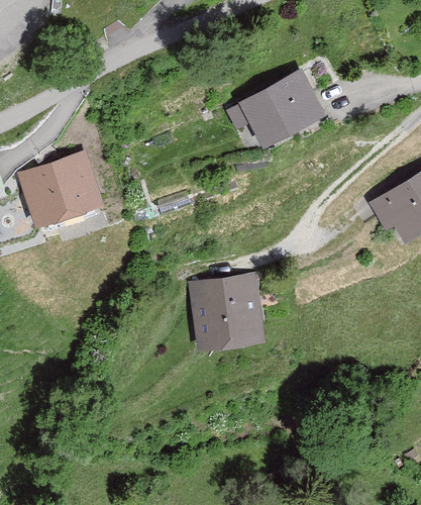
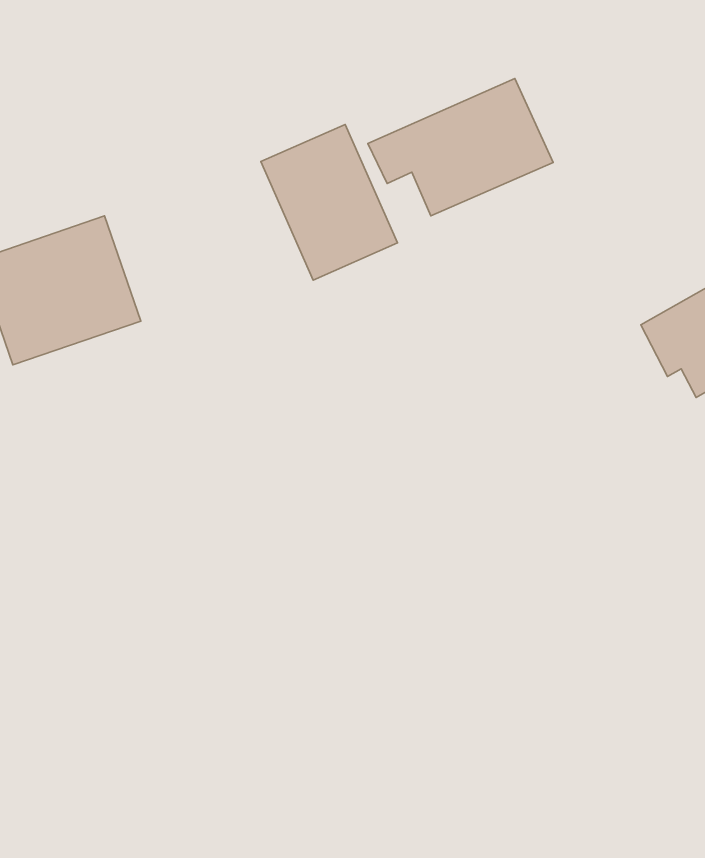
building: none -> [261,125,398,280]
building: [190,274,266,355] -> none

